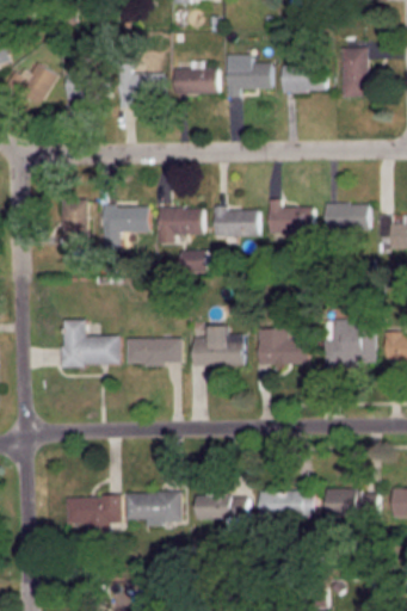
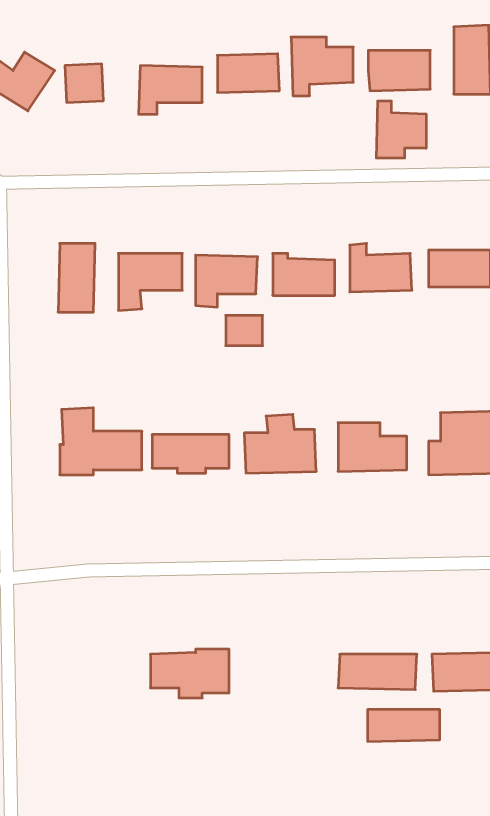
building: none -> [376,101,426,158]
building: [66,493,121,533] -> none
building: [196,498,247,520] -> [368,710,440,741]

